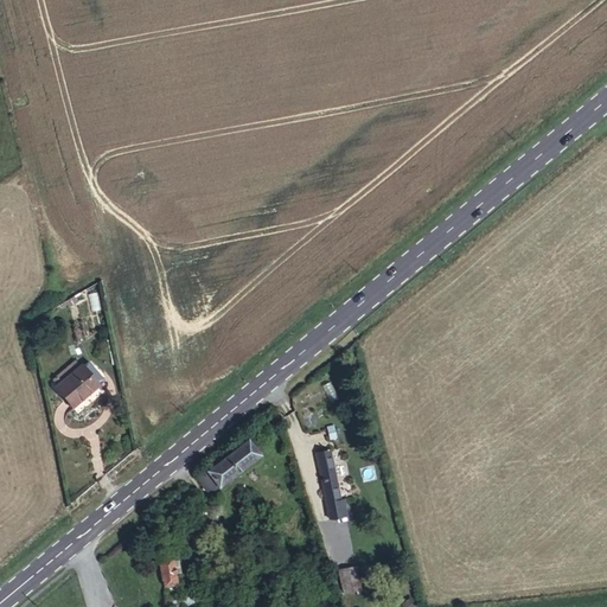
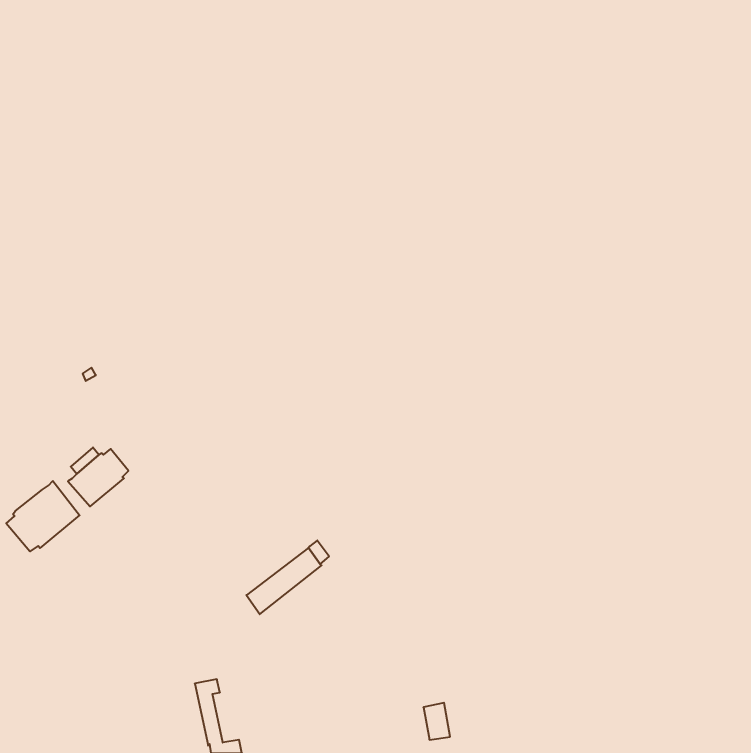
building: none -> [6,481,80,551]
building: [318,449,349,518] -> none

